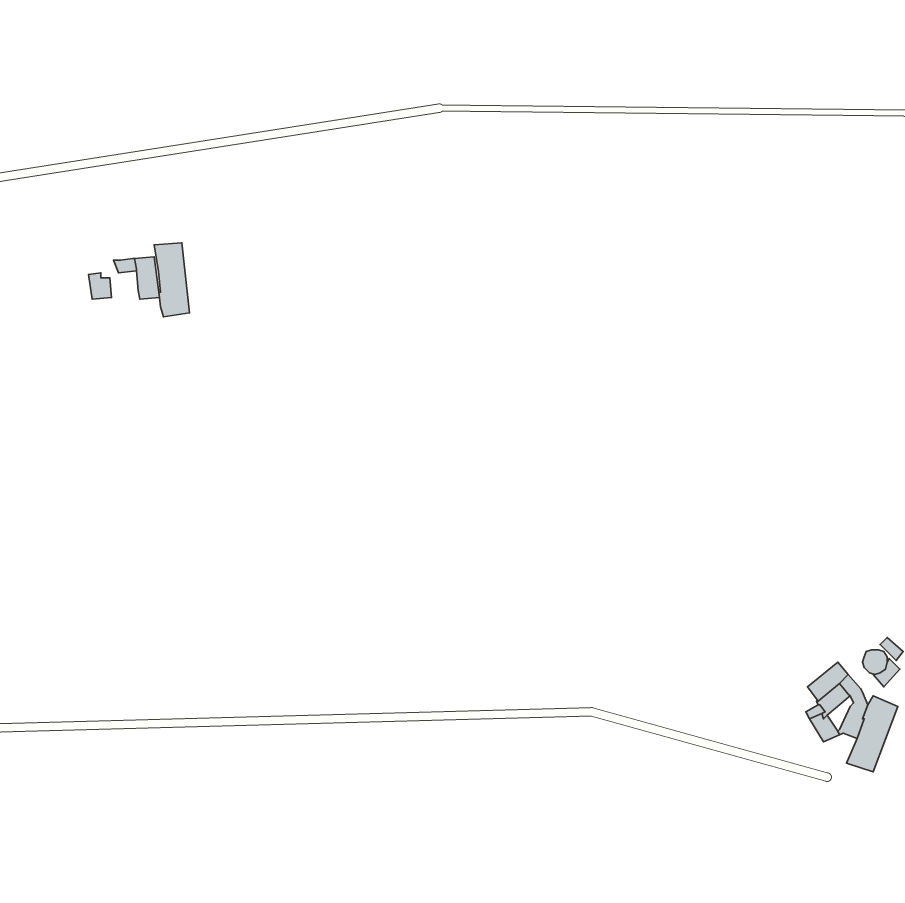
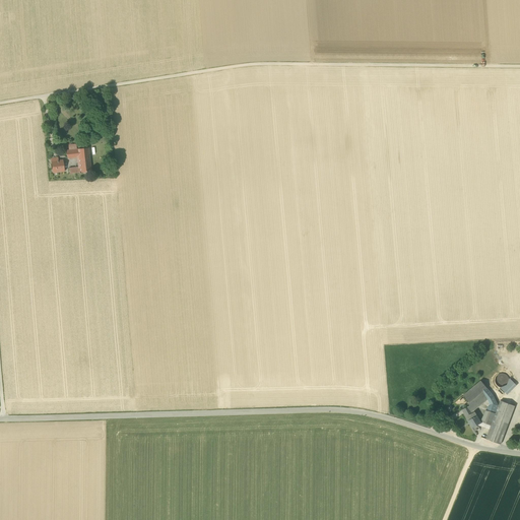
building: [154,243,190,317] -> none

